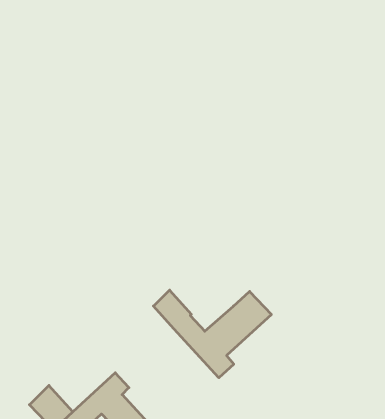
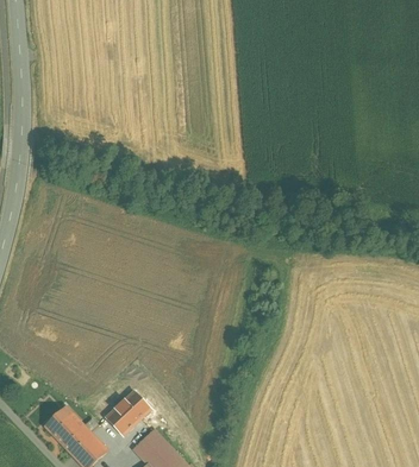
building: [153,290,271,378] -> none

